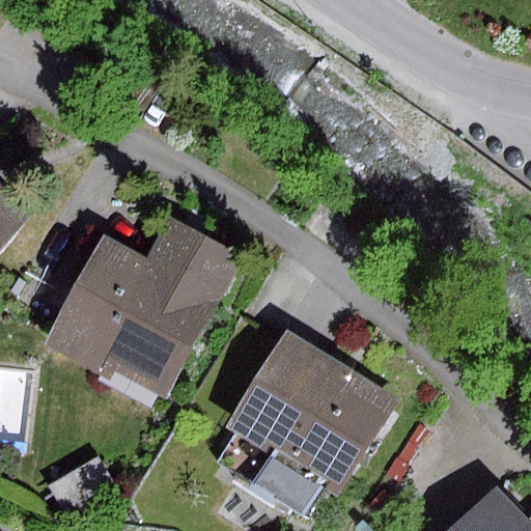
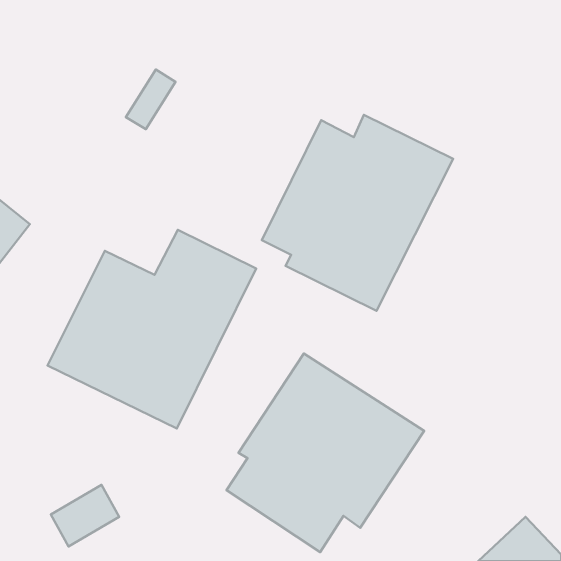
building: none -> [262,115,453,311]

